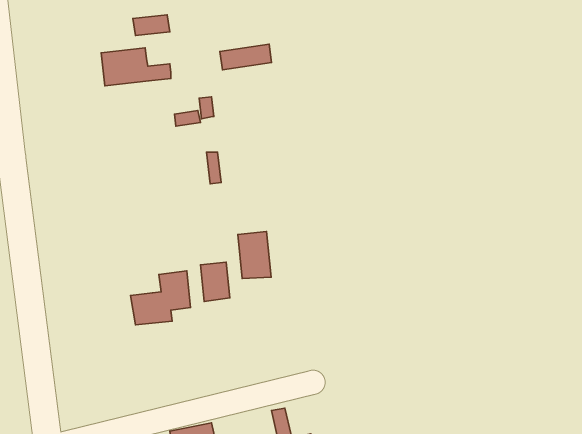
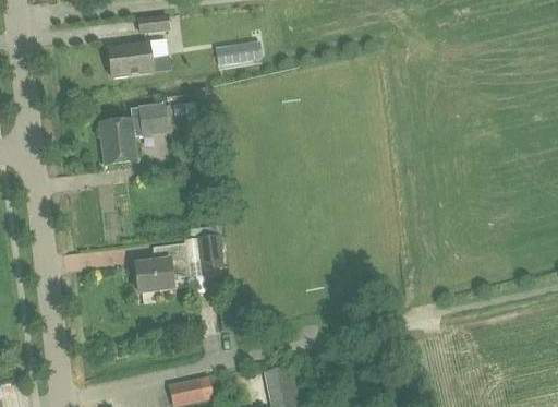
building: none -> [95,103,168,163]
building: [238,232,271,279] -> none

